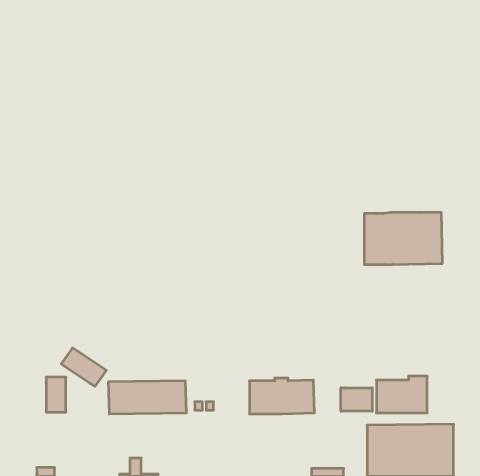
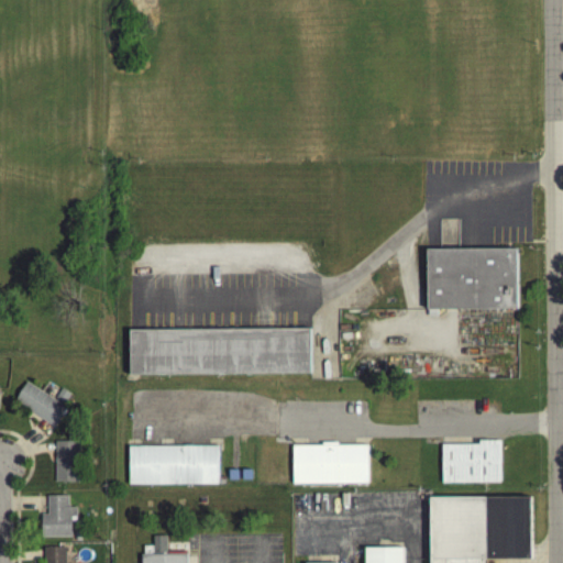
building: none -> [130,328,311,374]
building: [61,348,106,386] -> [13,380,66,426]
building: [341,388,372,411] -> none
building: none -> [41,495,76,537]

